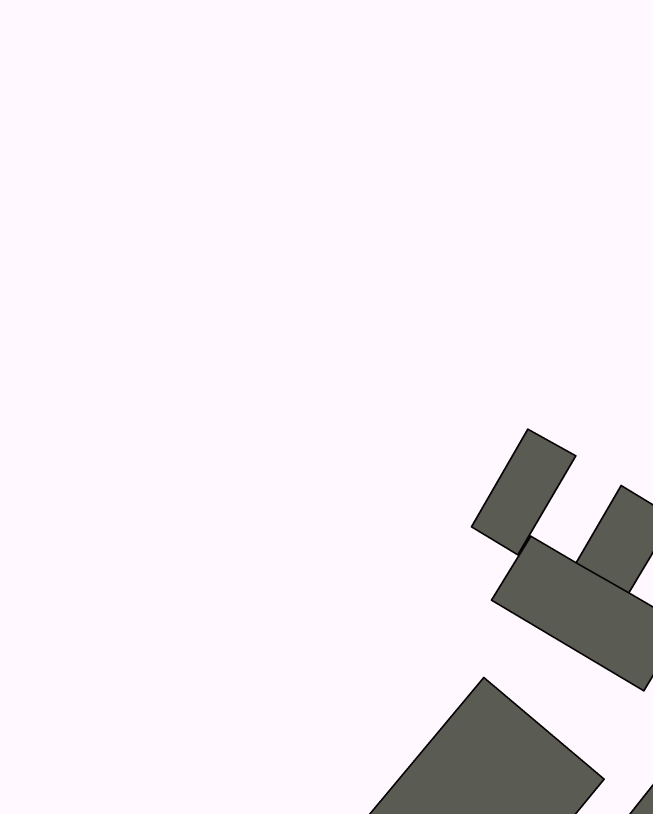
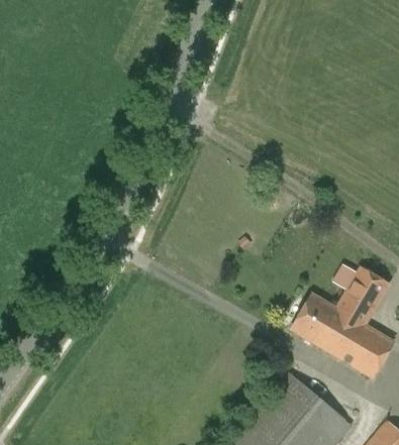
building: [472,429,576,555] -> none

